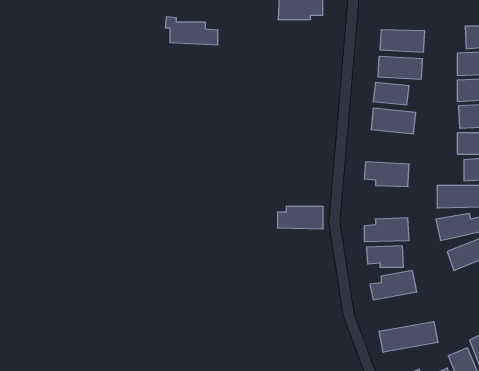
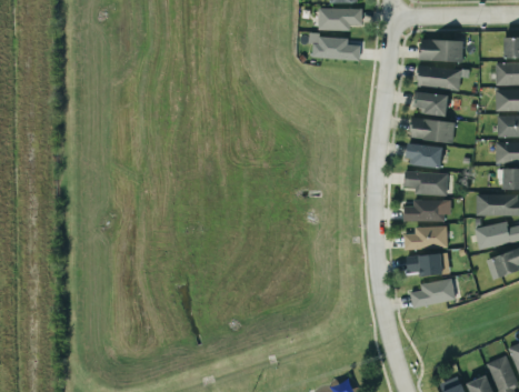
building: [165,17,218,45] -> [308,32,360,60]
building: none -> [407,144,442,167]
building: [277,207,323,229] -> [403,200,449,222]
building: [379,321,438,352] -> none

